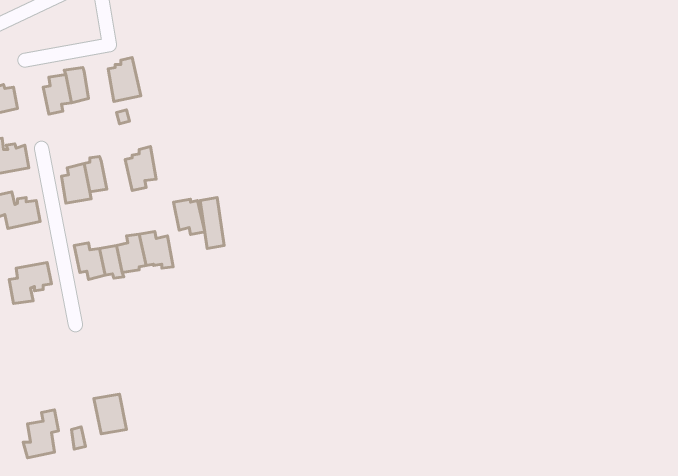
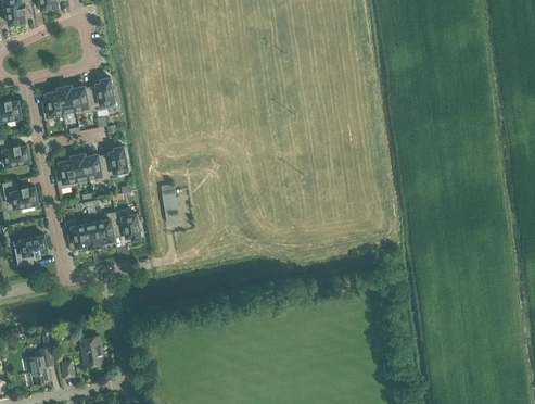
building: none -> [73,85,95,113]
building: [174,199,205,235] -> [86,154,110,181]

